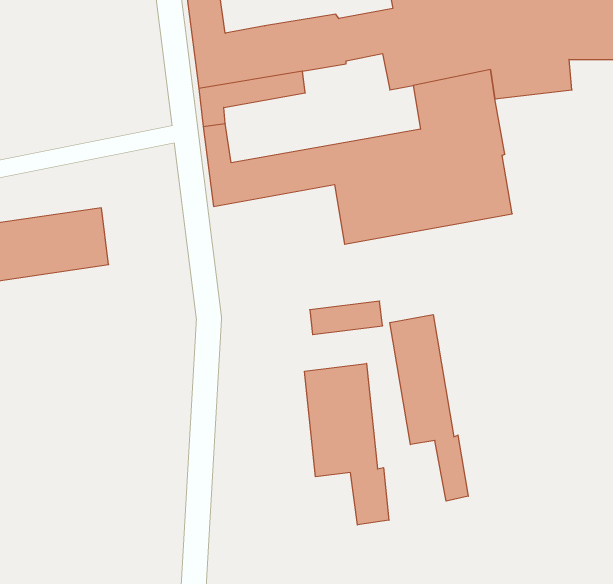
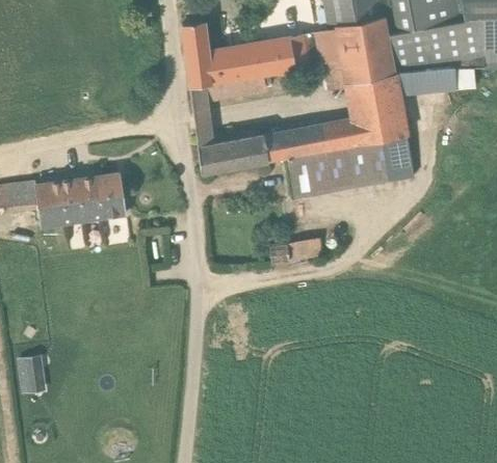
building: [390,315,468,501] -> none
building: [305,363,389,525] -> none

